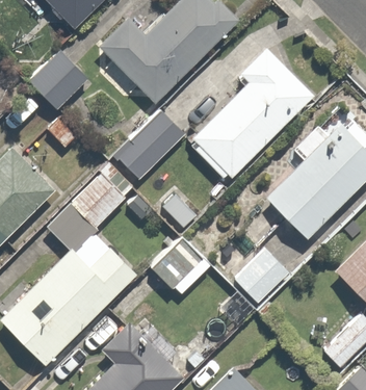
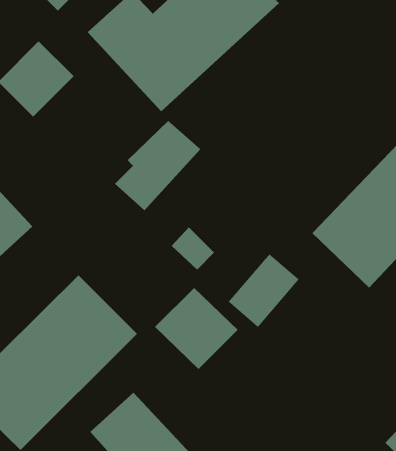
building: [190,49,313,180] -> none
building: [66,163,134,232] -> none
building: [234,246,288,303] -> [228,253,300,328]

